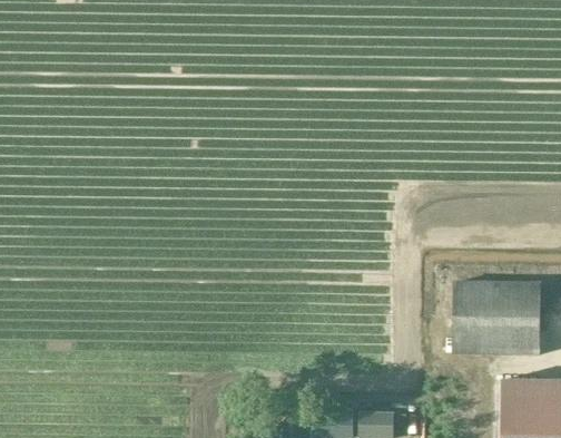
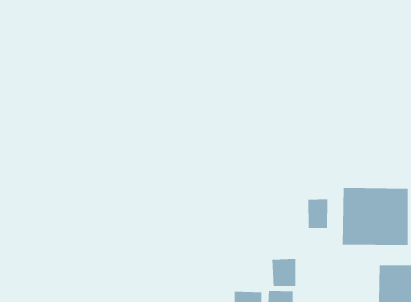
building: none -> [308,198,328,229]
building: none -> [272,258,296,287]

